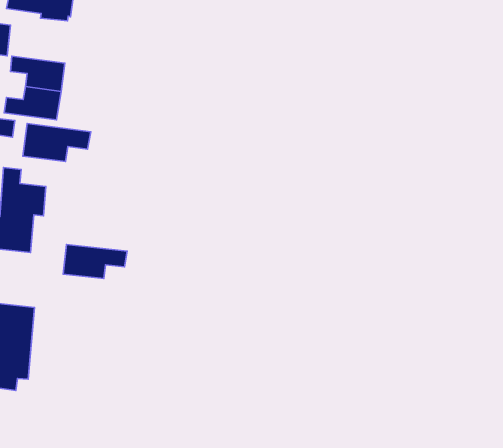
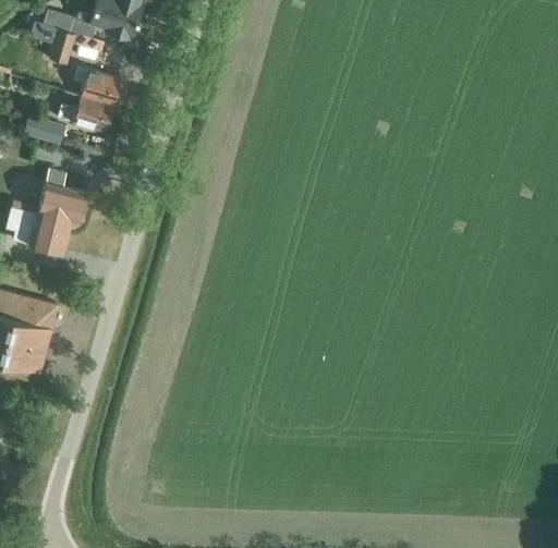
building: [23,123,91,161] -> none
building: [63,244,127,278] -> none

